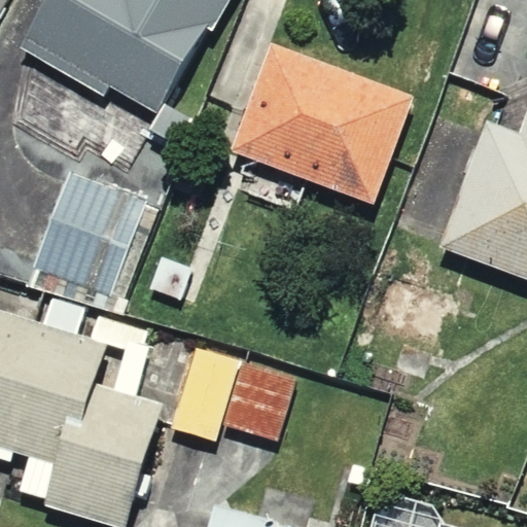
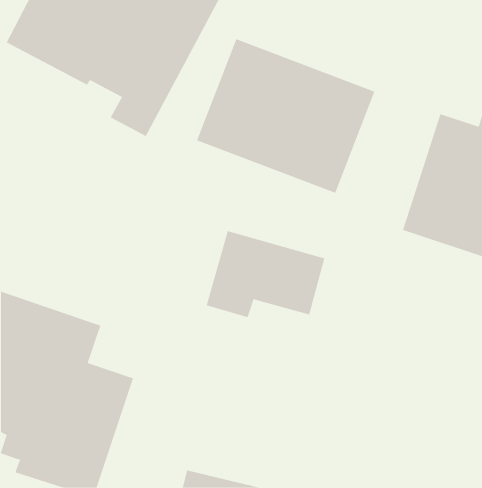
building: [30,168,146,300] -> none
building: [172,347,300,441] -> [206,230,325,318]

